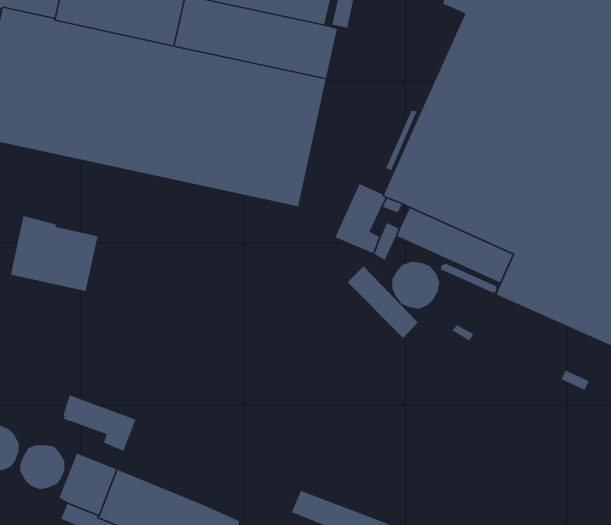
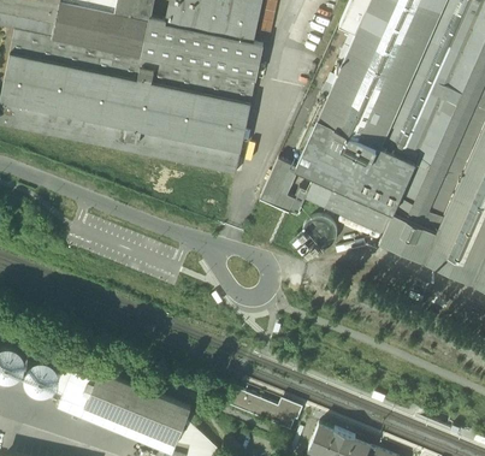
building: [10,215,98,292] -> none
building: [347,265,419,339] -> none
building: [62,394,136,452] -> none

